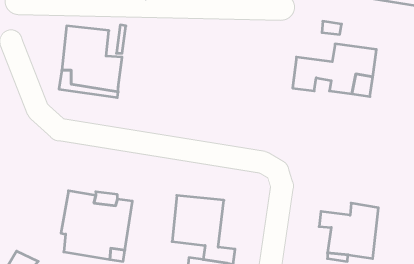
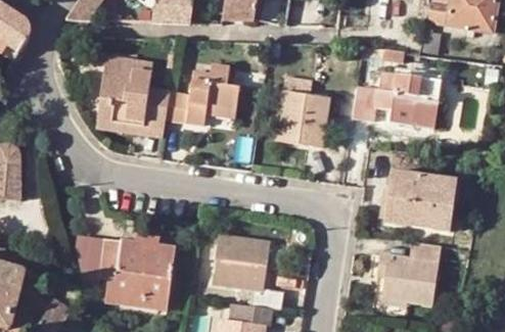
building: none -> [159,60,233,123]
building: none -> [277,76,324,149]
building: none -> [386,171,460,234]
building: none -> [75,228,105,278]

